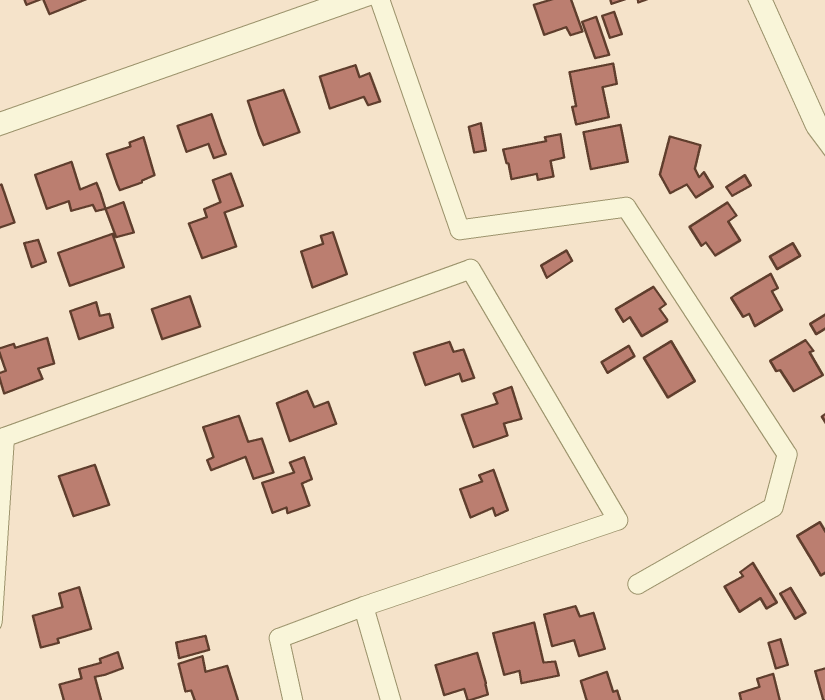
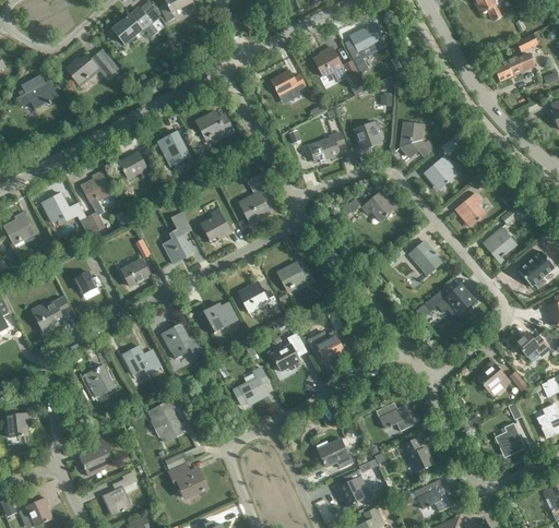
building: none -> [271,70,305,99]
building: [569,63,617,125] -> none
building: [189,174,243,258] -> [163,212,192,263]
building: none -> [240,173,270,223]
building: [58,234,124,286] -> none
building: [616,287,667,336] -> [361,191,392,220]
building: none -> [240,283,276,312]
building: [462,387,522,447] -> [271,333,306,371]
building: none -> [426,284,475,325]
building: none -> [122,346,160,374]
building: [262,457,312,513] -> [239,368,269,403]
building: none -> [150,399,188,442]
building: [493,622,559,683] -> none

